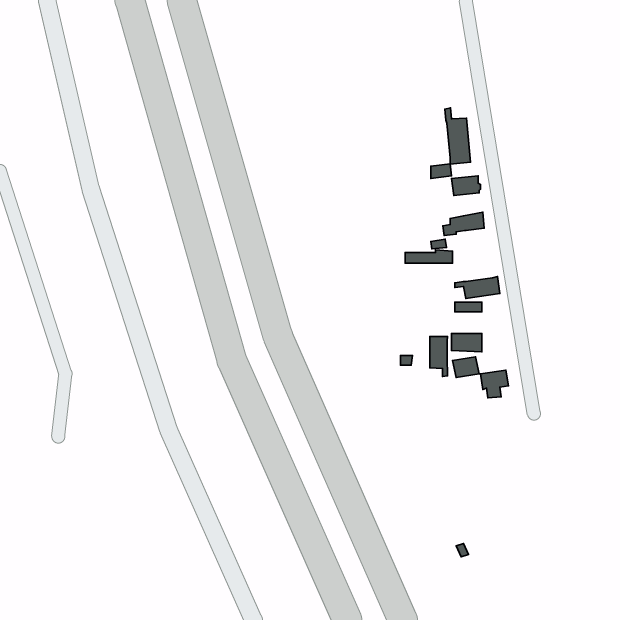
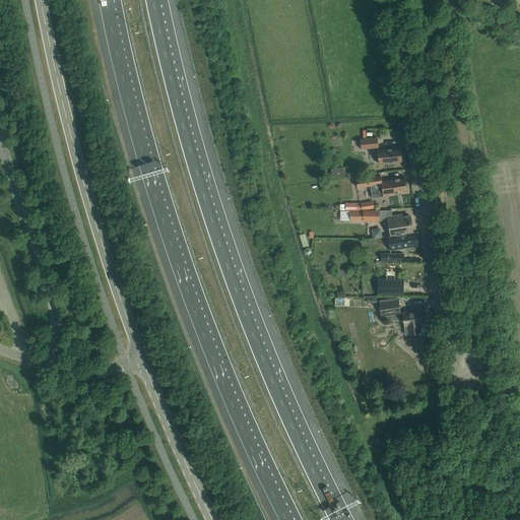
building: [445,108,471,164] -> none
building: none -> [387,215,412,236]
building: [430,336,448,376] -> none

